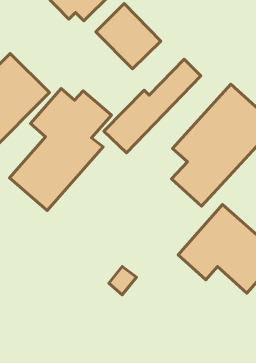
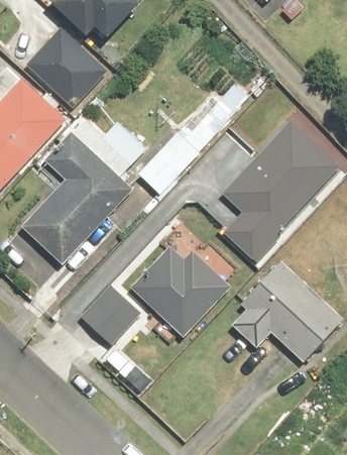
building: [96,4,161,69] -> [28,30,107,109]
building: none -> [128,233,235,339]
building: none -> [78,285,139,347]

